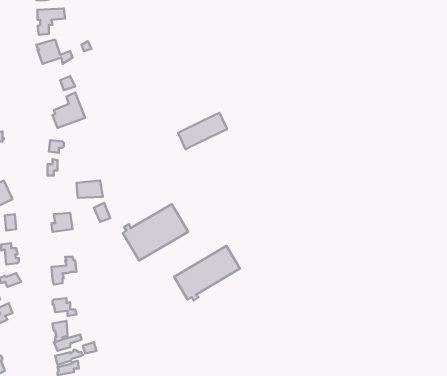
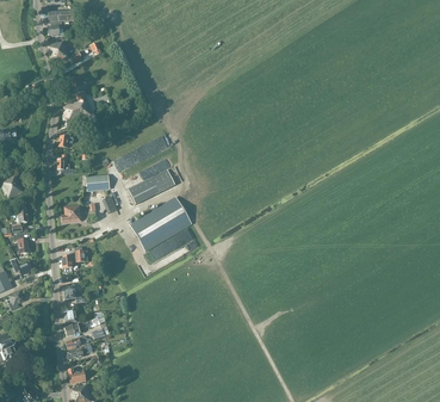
building: [178,113,227,149] -> [128,169,174,204]
building: [174,246,240,301] -> none

